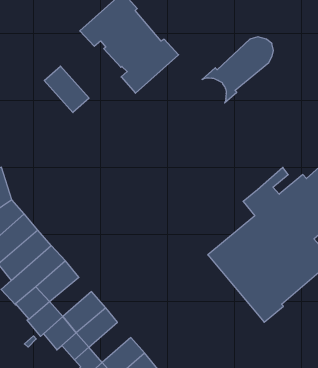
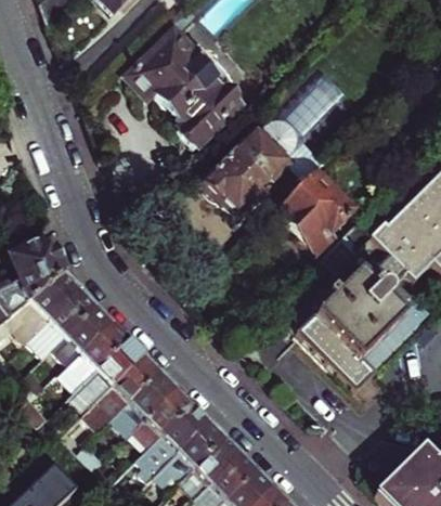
building: [44,66,89,113] -> none
building: none -> [203,119,296,211]
building: none -> [268,173,348,263]
building: none -> [113,353,159,399]
building: none -> [160,401,207,447]

